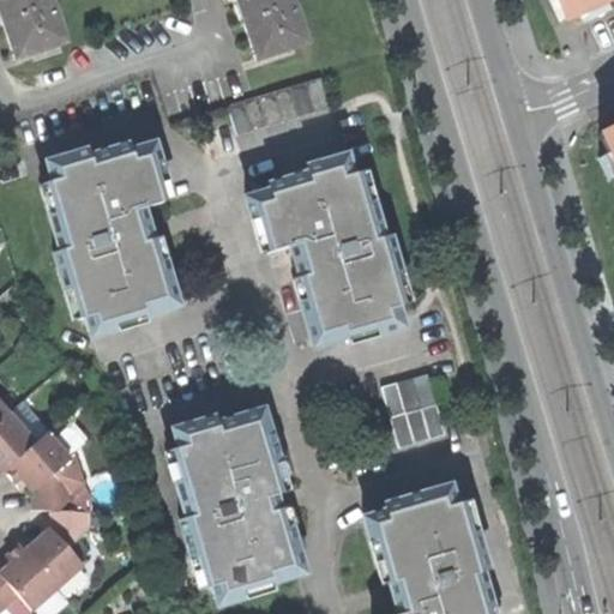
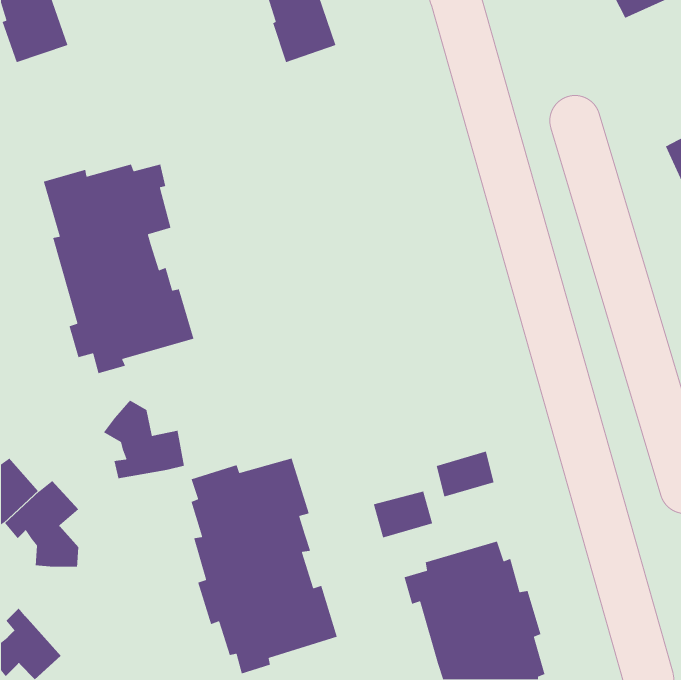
building: [230,74,333,131] -> none
building: [247,156,403,344] -> none
building: none -> [103,399,185,479]
building: [384,371,438,414] -> [373,490,433,539]
building: [26,507,91,586] -> none

